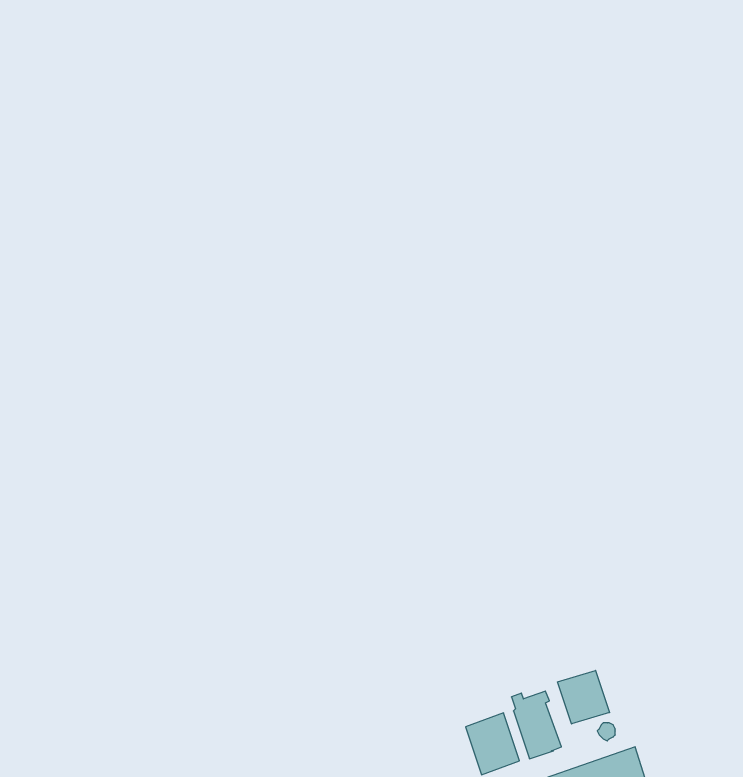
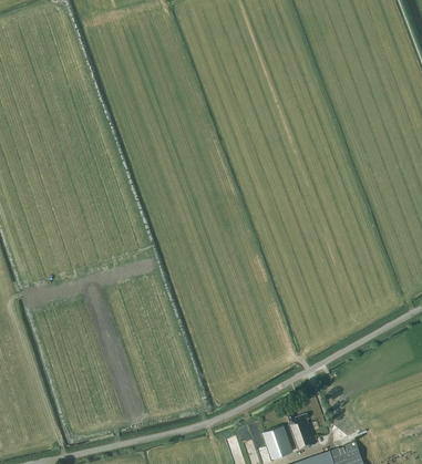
building: [558,670,610,724] -> none

